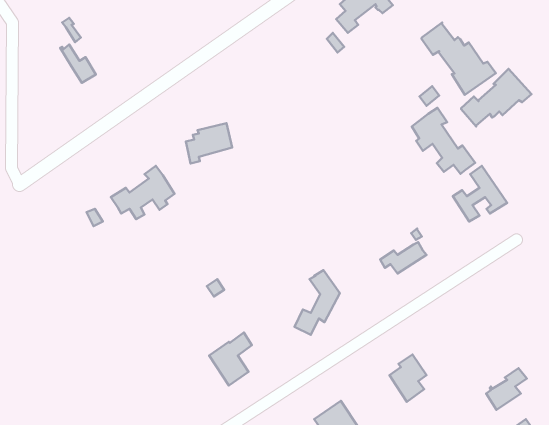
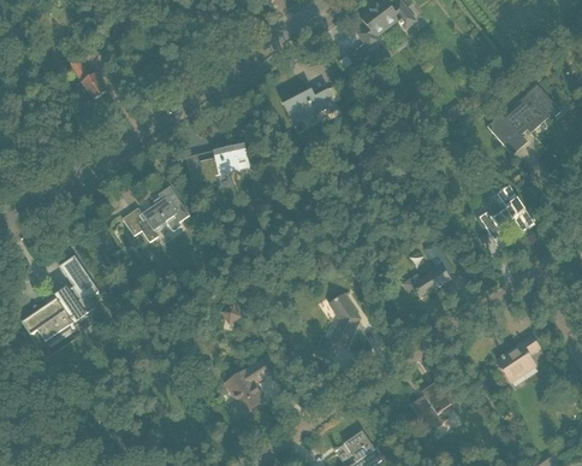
building: [422,23,496,95] -> none
building: none -> [283,87,338,132]
building: [412,108,475,174] -> none
building: none -> [22,255,99,340]
building: [486,368,527,410] -> [498,336,540,379]

